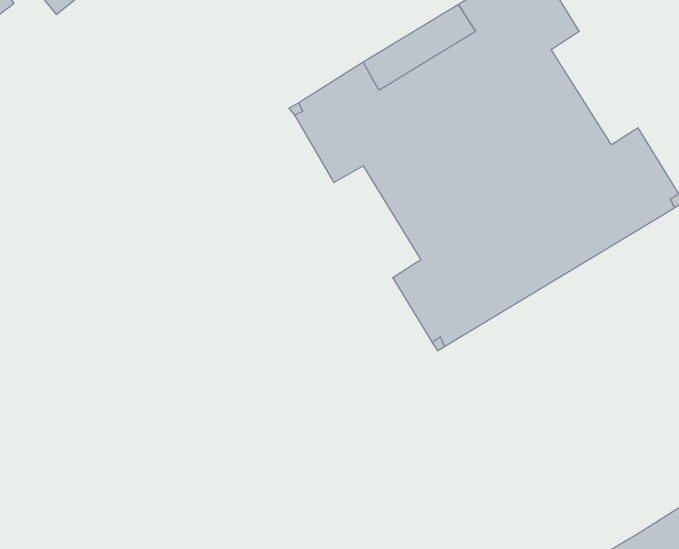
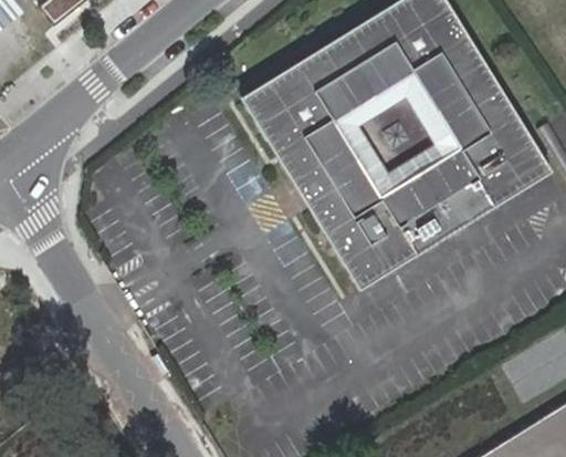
building: none -> [448,37,516,126]
building: none -> [276,143,345,231]

